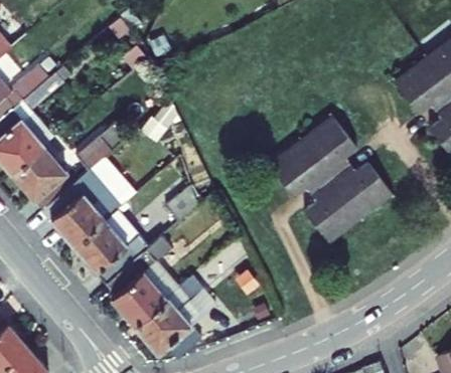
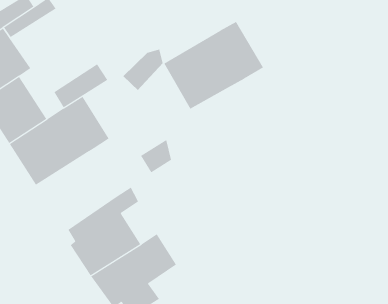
building: none -> [163,21,264,110]
building: [270,118,389,238] -> none
building: [71,208,149,284] -> none

